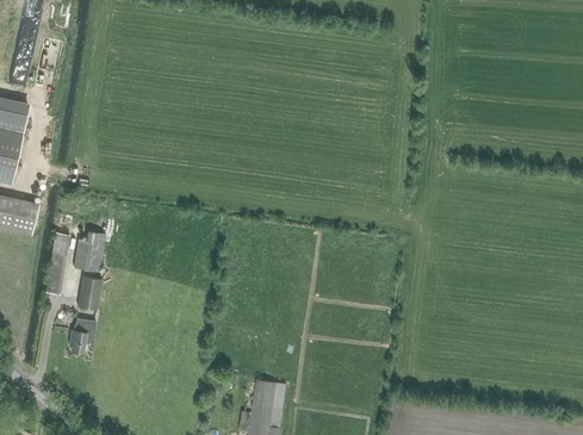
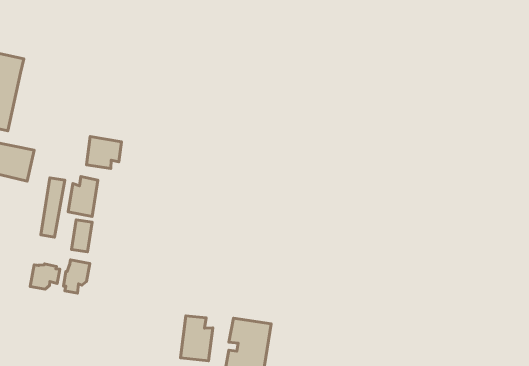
building: none -> [86,137,121,169]
building: none -> [30,264,60,289]
building: none -> [180,316,213,361]

